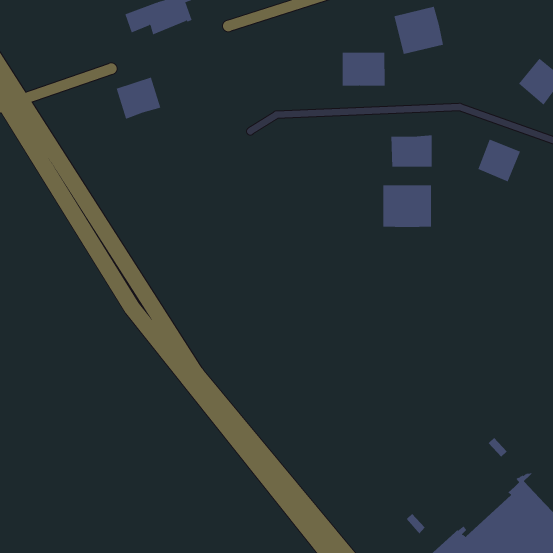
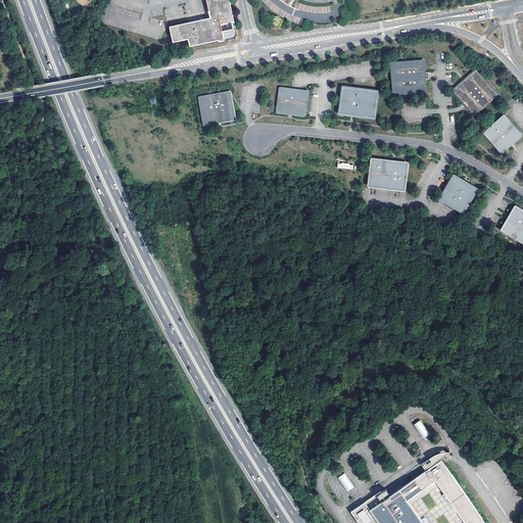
building: none -> [453,69,497,114]
building: none -> [278,89,307,115]
building: [116,77,161,119] -> [200,92,235,124]
building: [383,184,431,228] -> none

